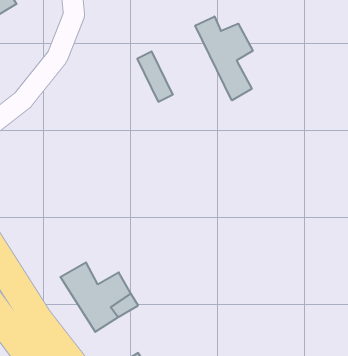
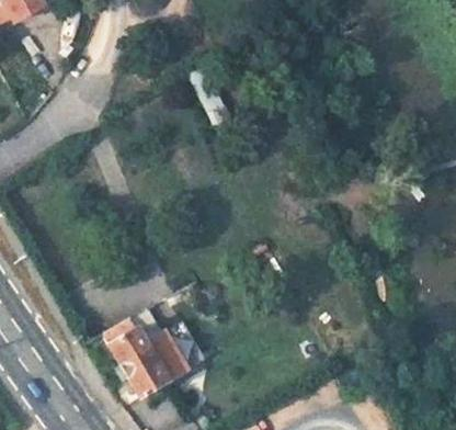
building: [195,16,253,100] -> none

